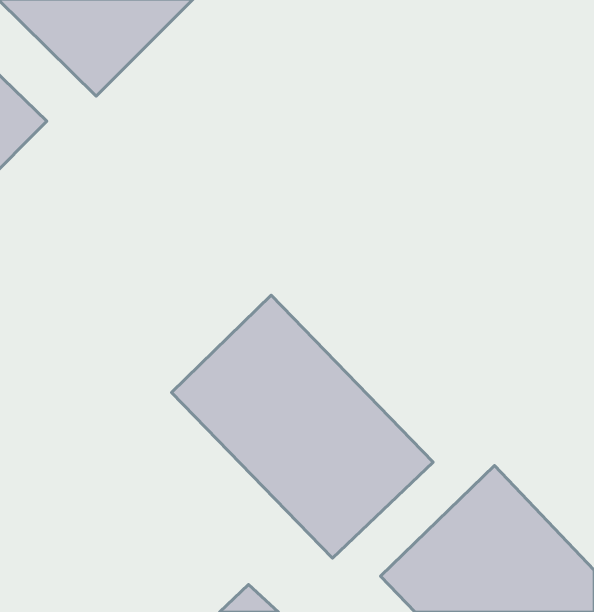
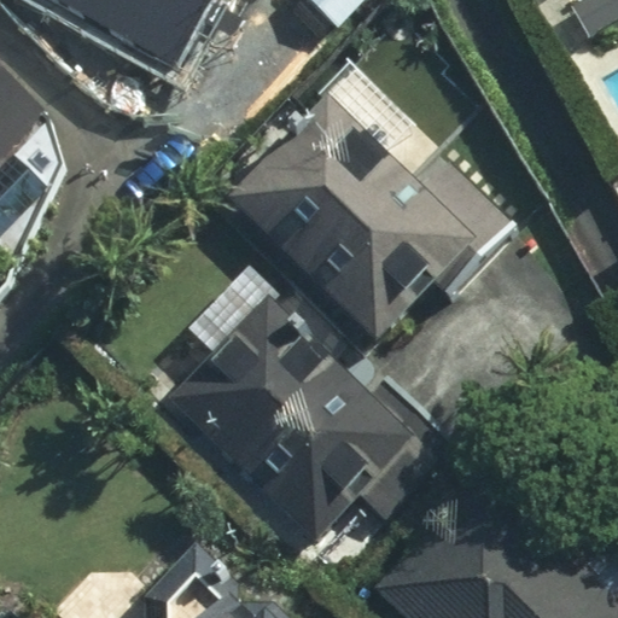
building: none -> [238,98,477,334]

